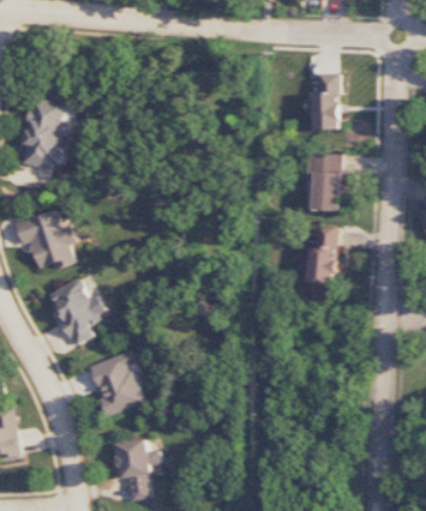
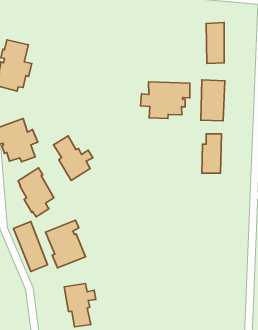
building: none -> [140,82,190,119]
building: none -> [54,136,93,180]
building: none -> [14,221,47,271]

